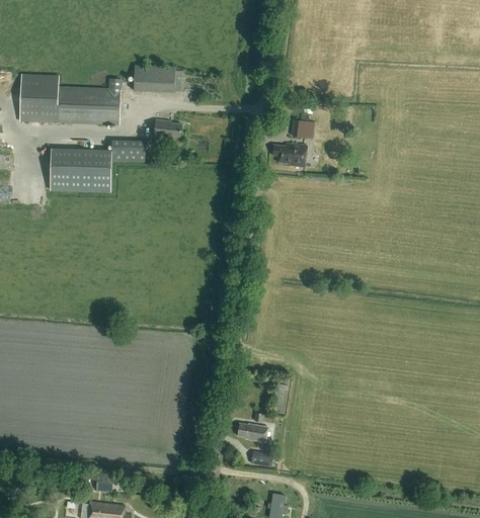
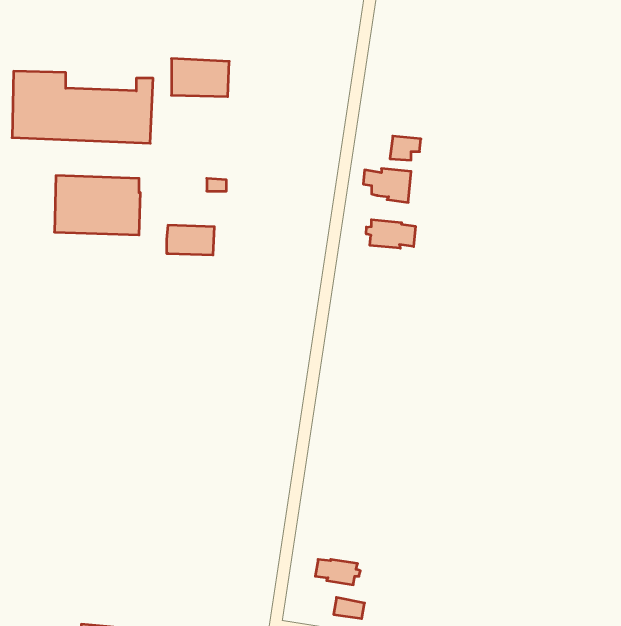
building: [154,119,181,138] -> none
building: [110,140,145,161] -> [167,225,214,255]
building: none -> [366,220,415,248]

